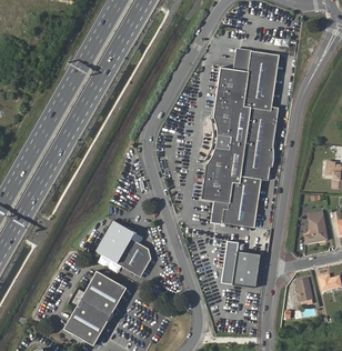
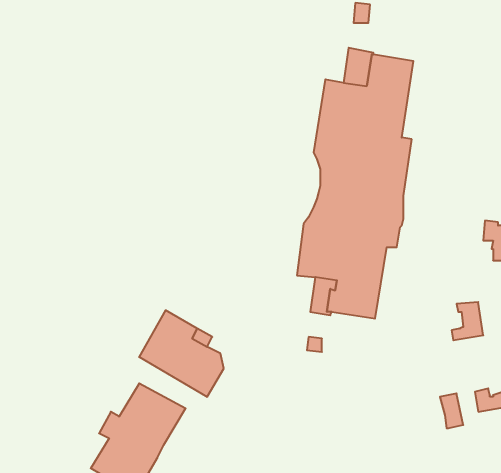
building: [221,240,261,285] -> none

